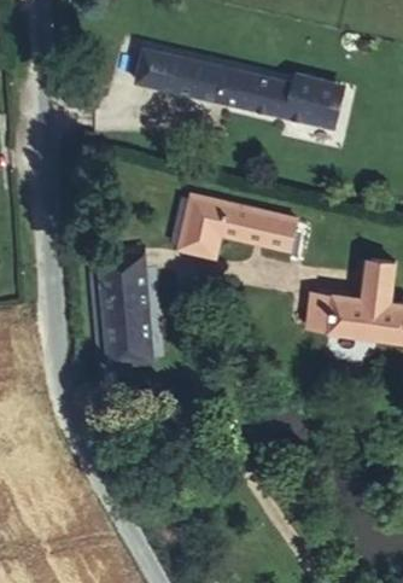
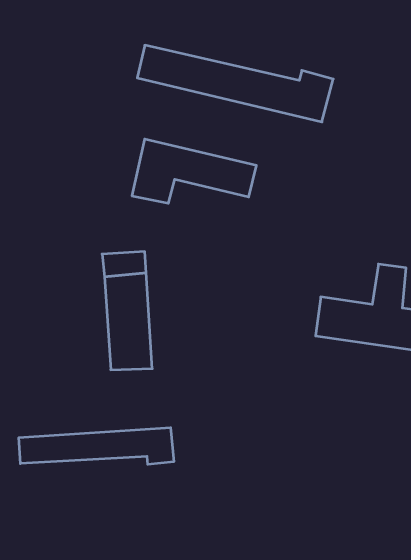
building: [179,196,298,257] -> [132,139,256,203]
building: none -> [19,428,174,464]

